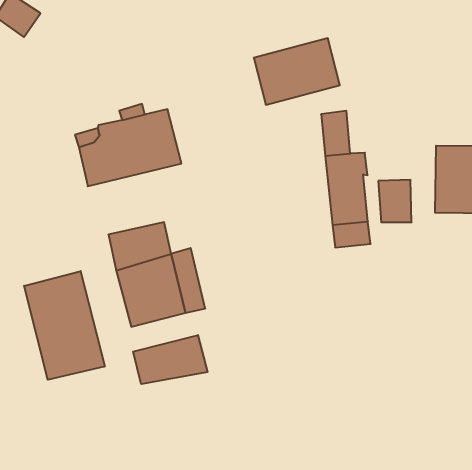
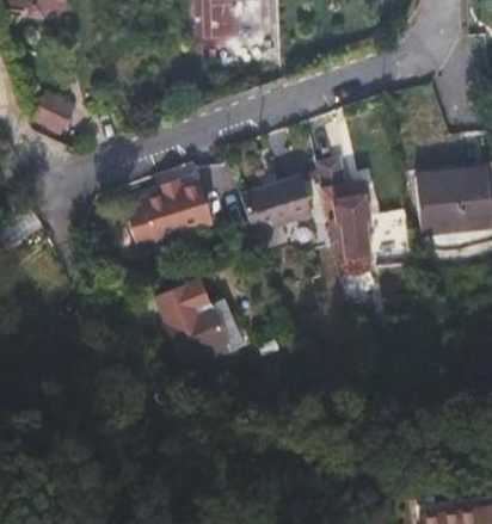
building: [254,38,340,105] -> [236,167,310,229]
building: [24,271,105,380] -> none
building: [133,335,208,384] -> none

